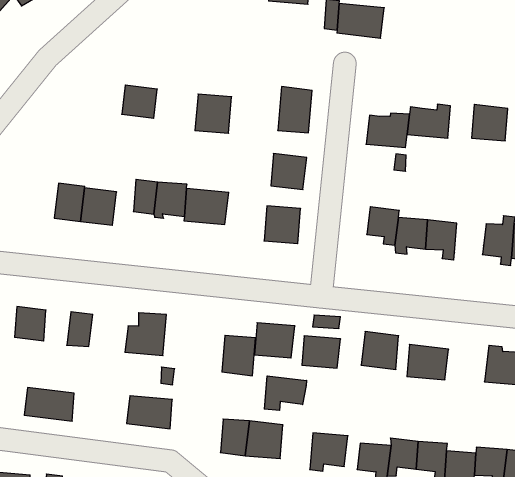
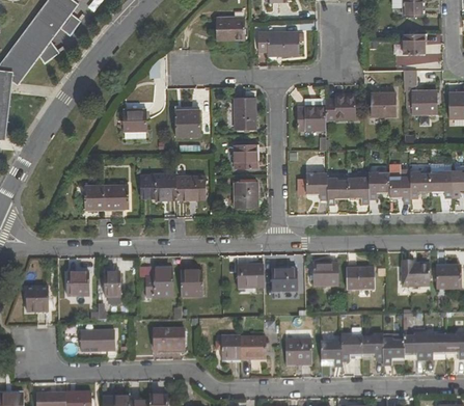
building: none -> [369,172,389,198]
building: [222,335,256,376] -> [181,269,203,296]
building: [264,376,307,410] -> none

